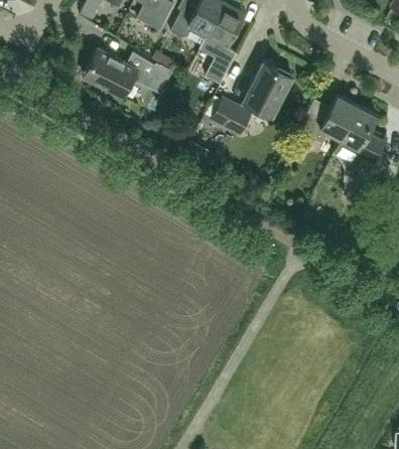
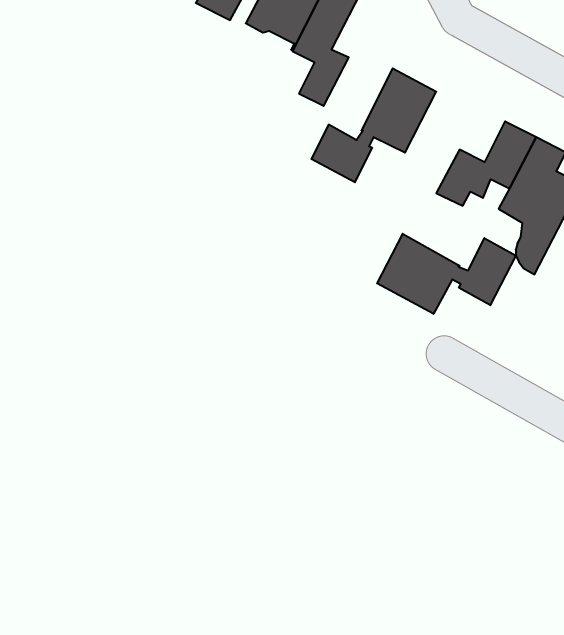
building: [85,48,172,97] -> none
building: none -> [377,234,516,314]

